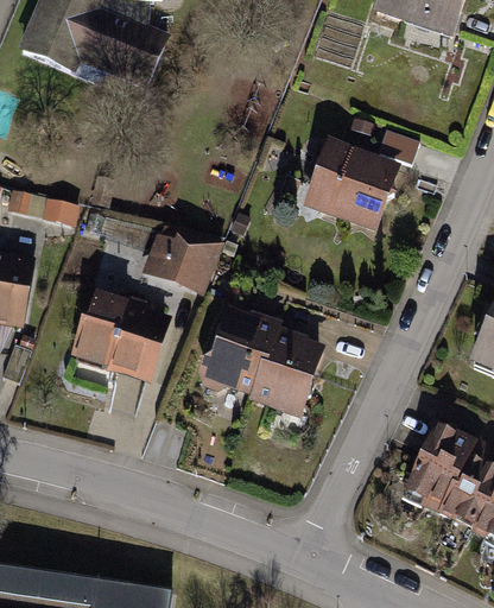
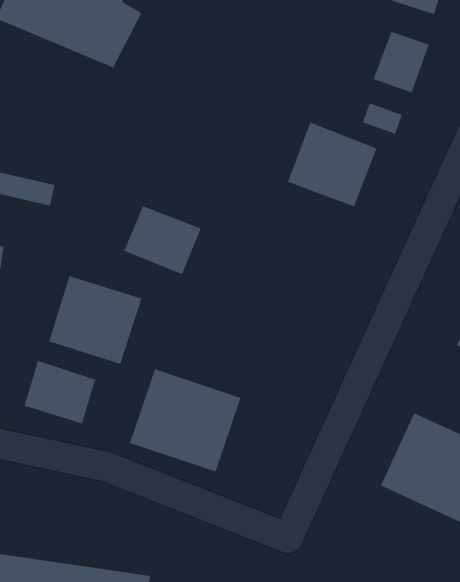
building: none -> [373,31,430,94]
building: [205,312,316,414] -> [129,368,242,472]
building: none -> [23,360,96,424]

